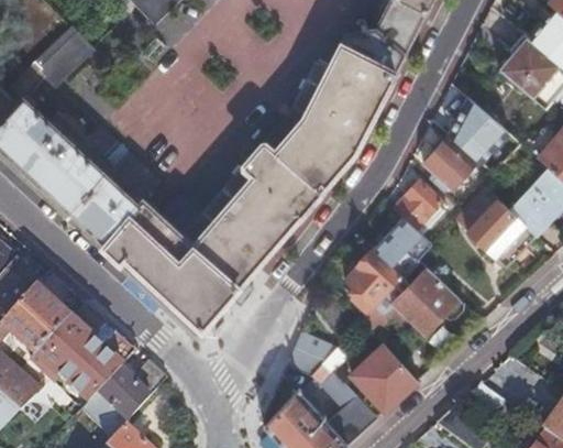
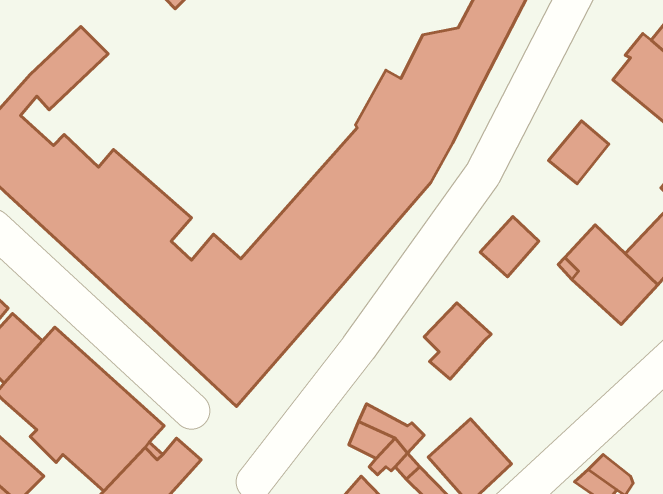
building: [422,138,474,193] -> none
building: [373,218,429,277] -> none
building: [362,267,463,340] -> none

